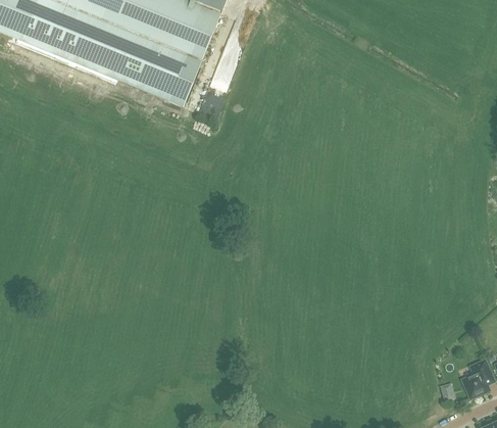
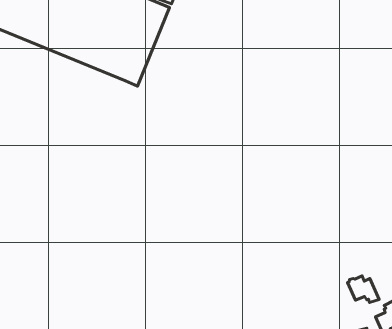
building: none -> [348,276,379,303]

